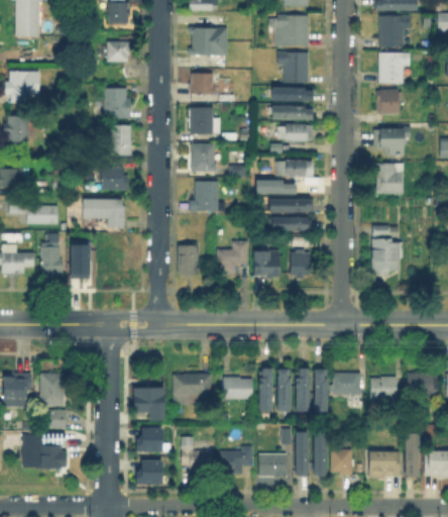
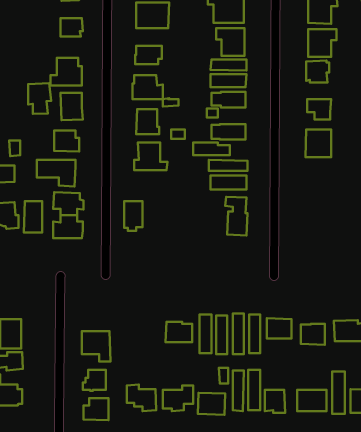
building: none -> [28,83,51,114]
building: [373,227,405,278] -> none
building: [216,240,250,278] -> none
building: [254,249,281,272] -> none
building: [174,374,212,405] -> none

